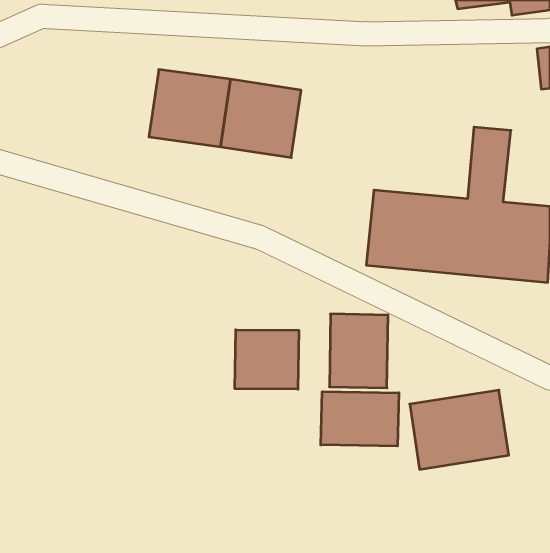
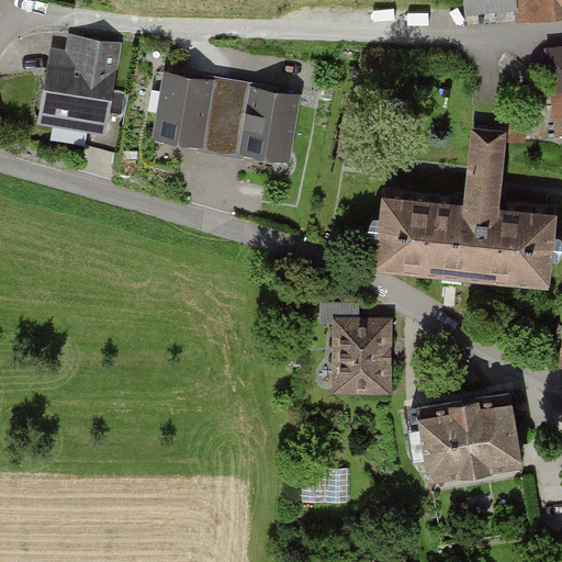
building: none -> [38,37,122,131]
building: [235,330,299,389] -> none
building: [321,392,399,446] -> none

